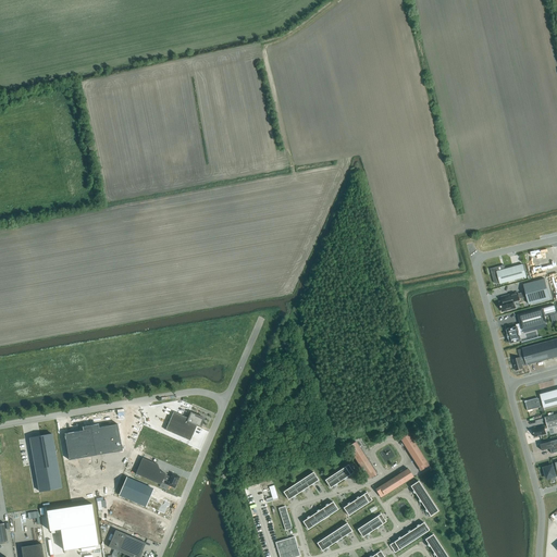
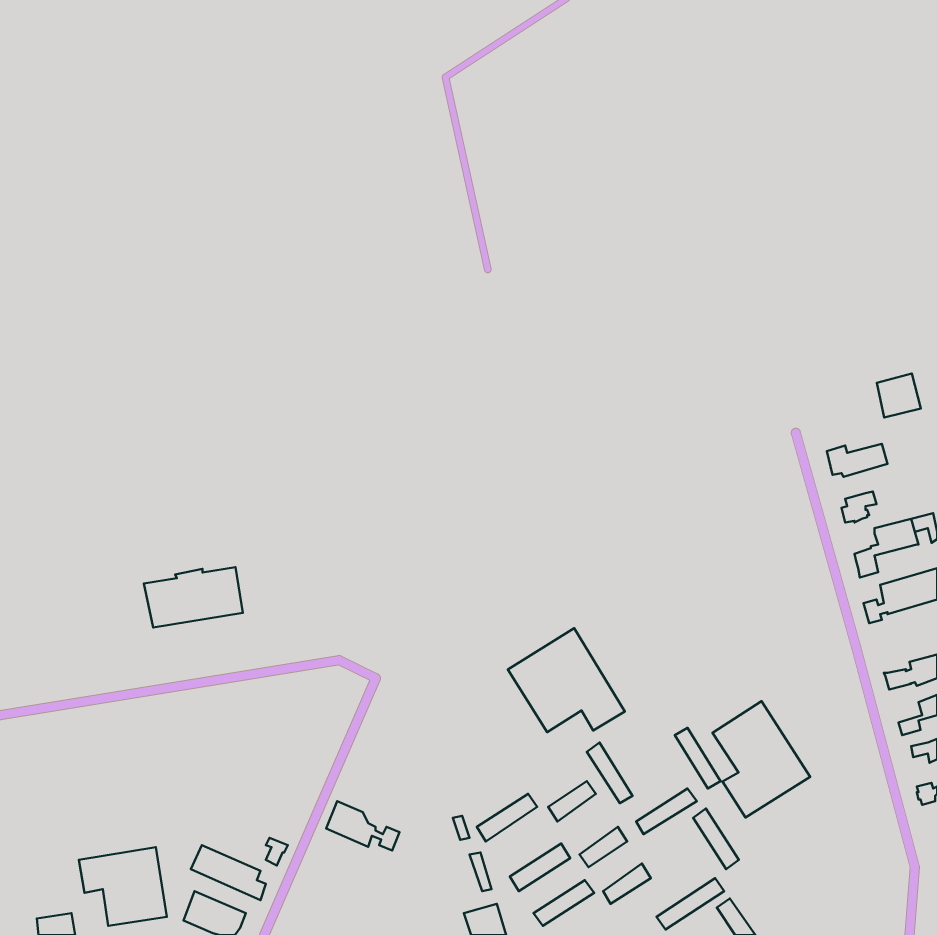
building: [524,277,550,304] -> [877,374,921,418]
building: none -> [508,628,625,732]
building: [165,411,205,440] -> none
building: none -> [713,701,810,817]
building: [62,423,121,459] -> [144,567,243,628]
building: [30,433,62,491] -> none
building: [136,457,180,486] -> [326,801,399,851]
building: [120,479,153,507] -> none

